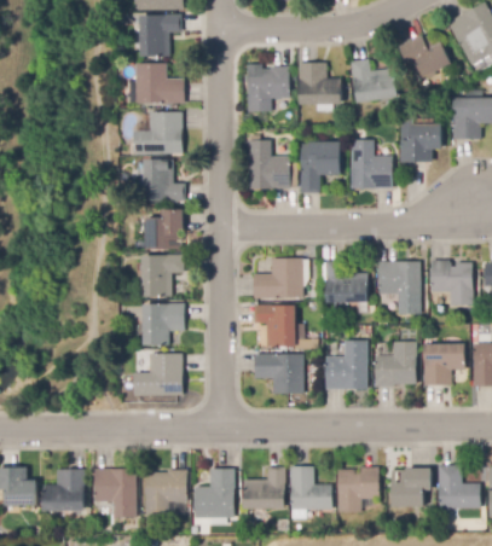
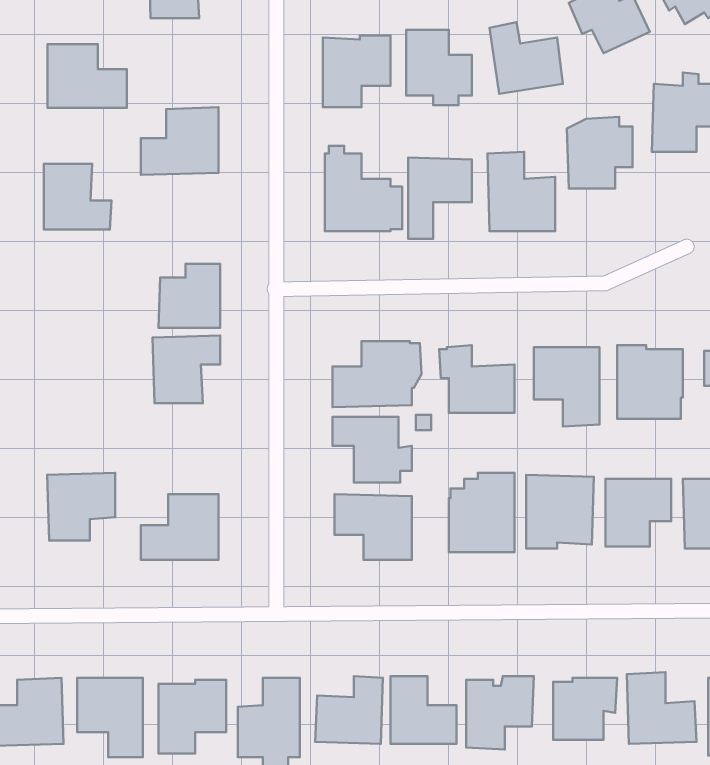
building: [134,63,184,103] -> [48,44,127,108]
building: [143,159,185,201] -> [44,164,112,230]
building: [141,302,184,344] -> [47,473,115,540]

